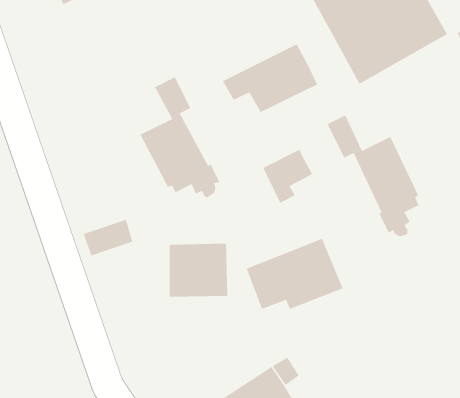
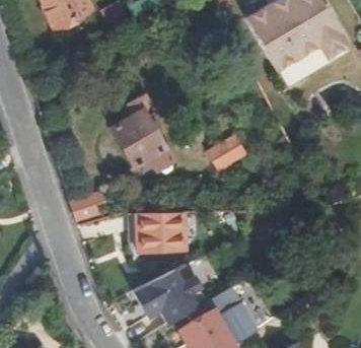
building: [222,43,318,113] -> none
building: [327,114,419,237] -> none
building: [246,238,344,310] -> [128,265,203,320]

